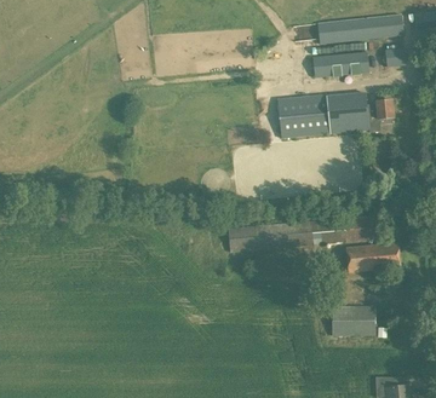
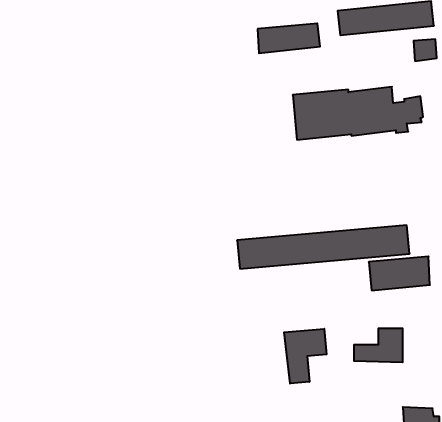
building: [311,52,367,79] -> [258,23,320,53]
building: none -> [284,329,327,384]

